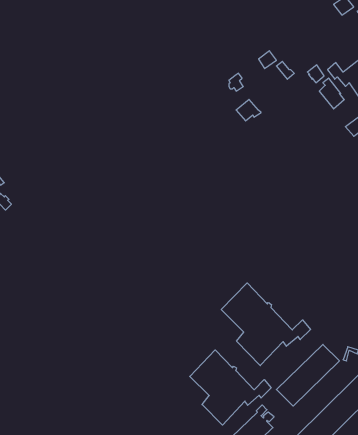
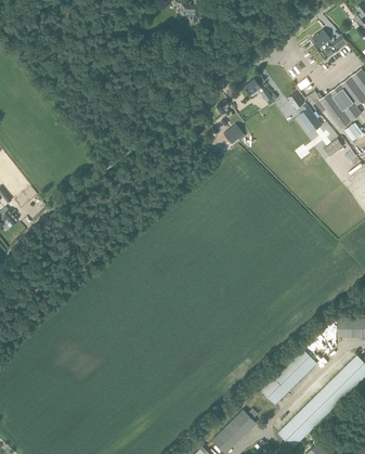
building: [221,283,311,366] -> none
building: [190,350,271,425] -> none

